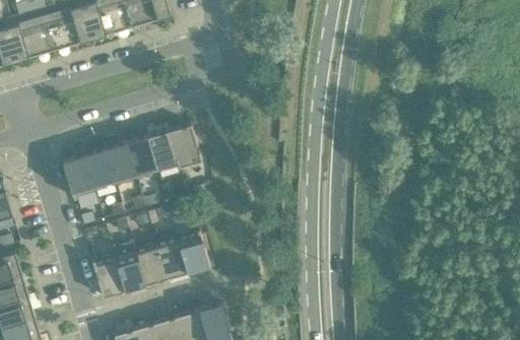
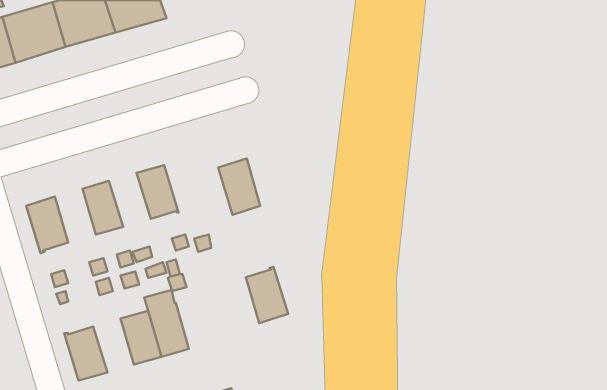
building: [168,123,200,166] -> [218,158,260,215]
building: [125,136,157,178] -> none
building: [83,148,115,190] -> none
building: [177,228,209,272] -> [246,267,288,323]
building: [113,249,144,290] -> none

